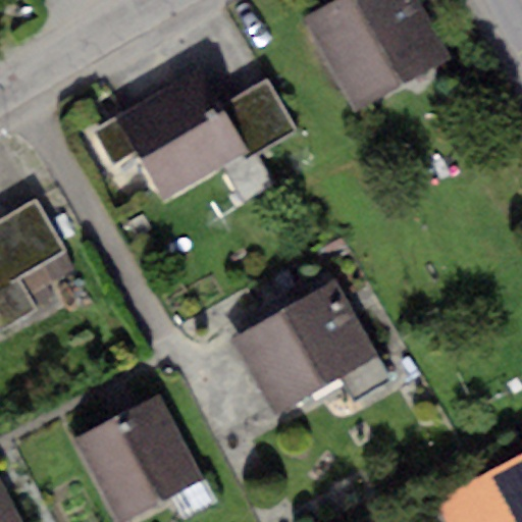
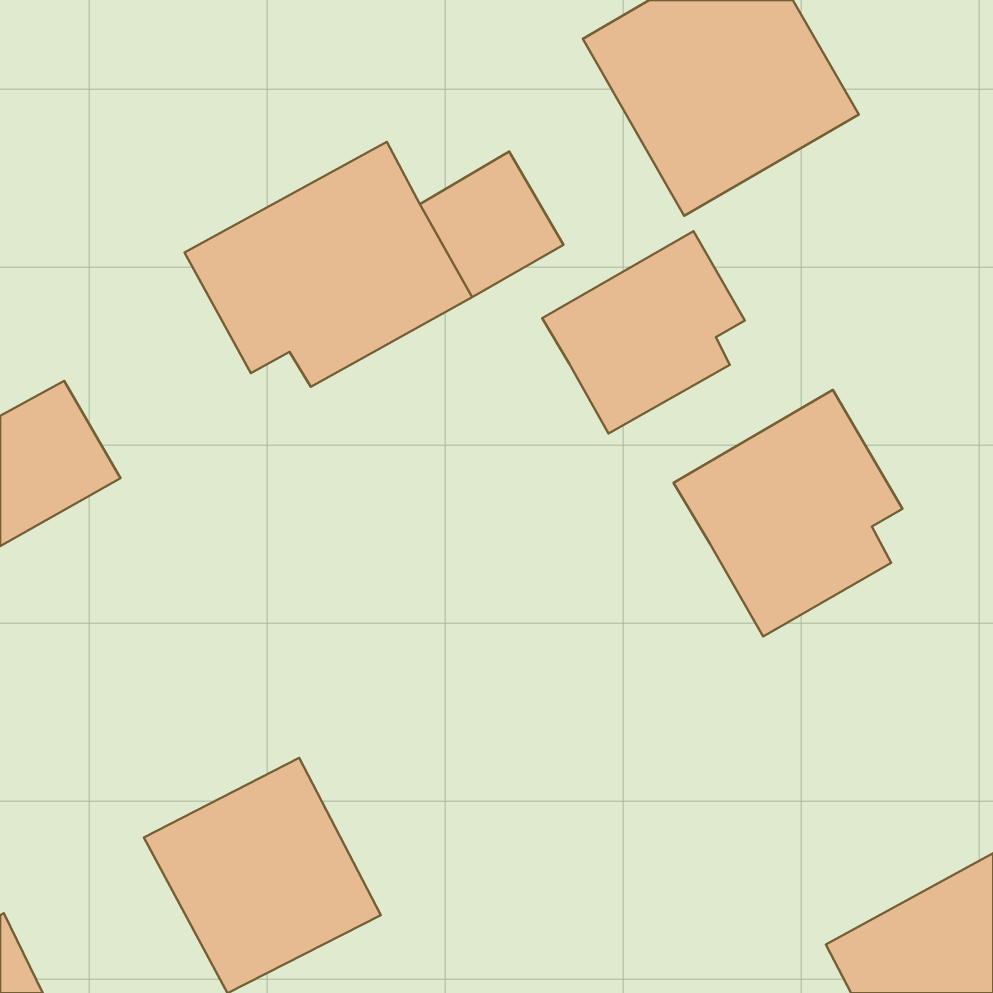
building: none -> [542,231,745,434]
building: none -> [674,390,902,637]
building: [231,279,394,410] -> none

